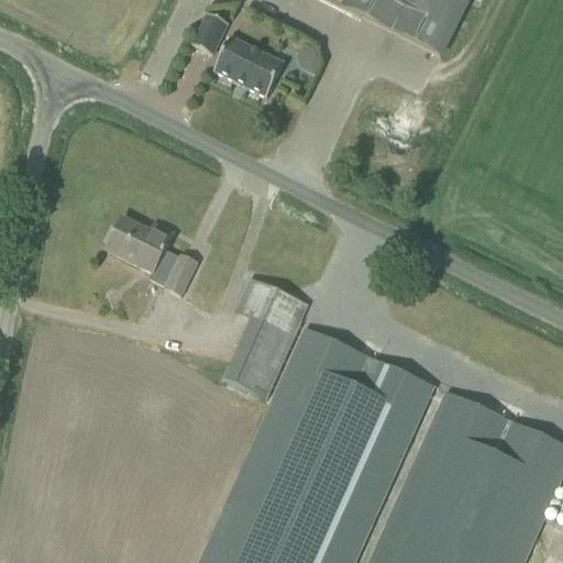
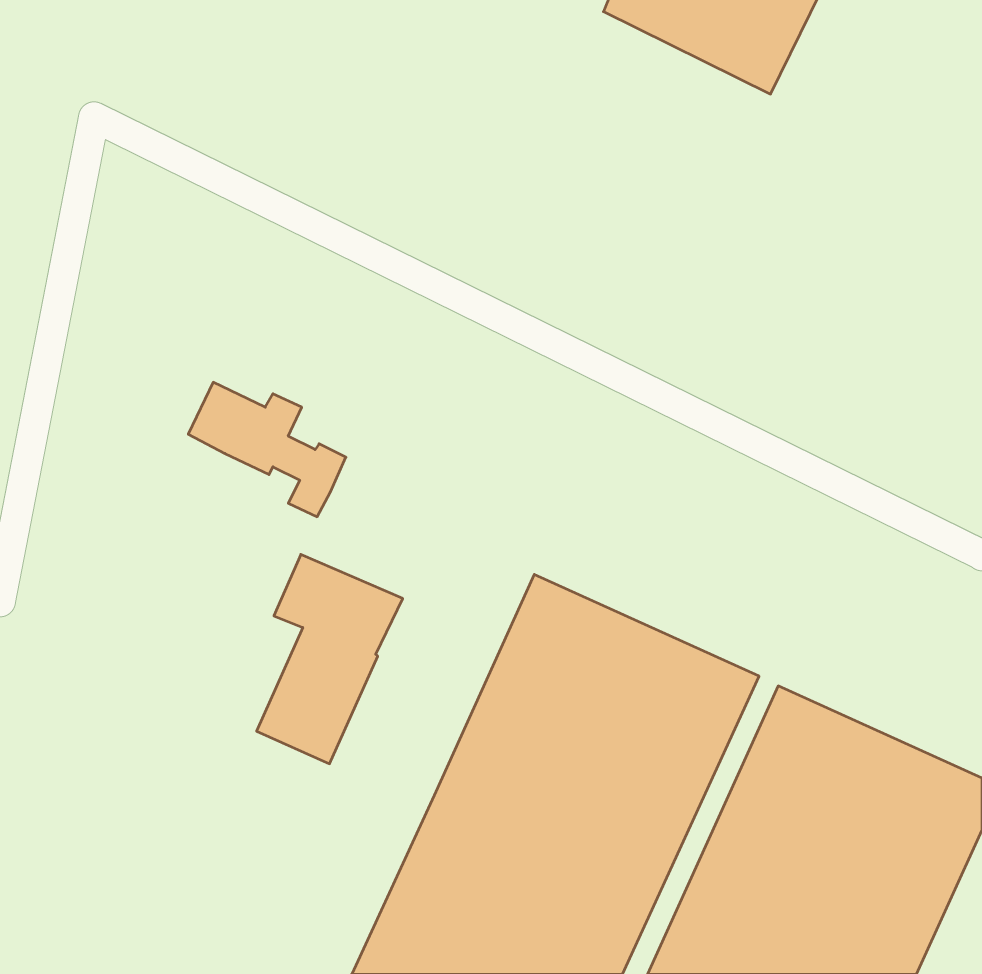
building: [192,14,228,55] -> none
building: [214,37,284,98] -> none
building: [225,278,309,398] -> [257,554,403,764]

